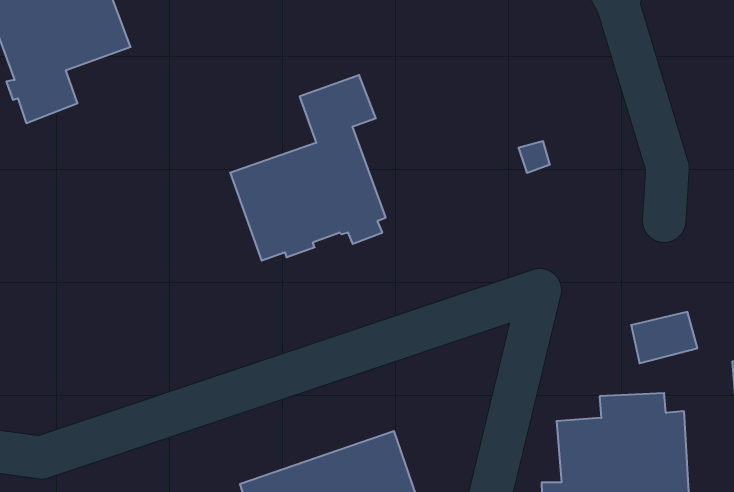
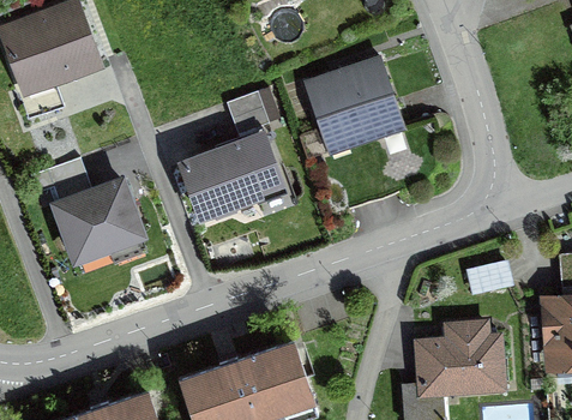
building: none -> [302,53,407,158]
building: none -> [30,157,147,265]

